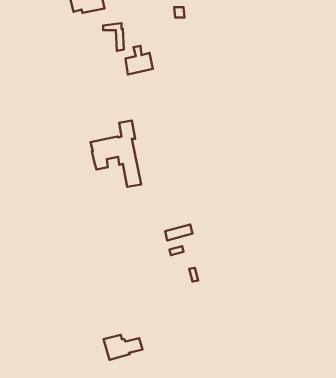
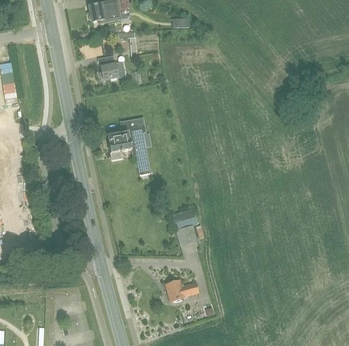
building: [126,46,153,74] -> [100,56,124,81]
building: [104,335,143,360] -> [164,280,198,302]

